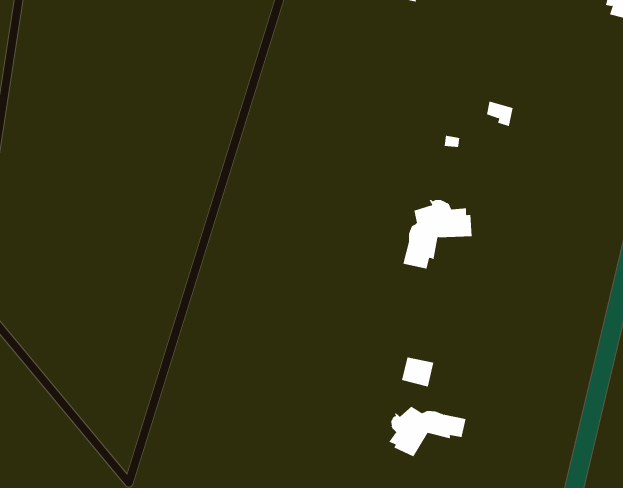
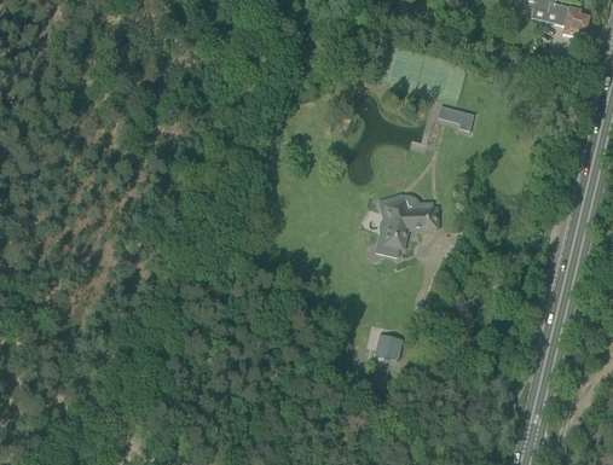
building: [389,406,466,457] -> none

